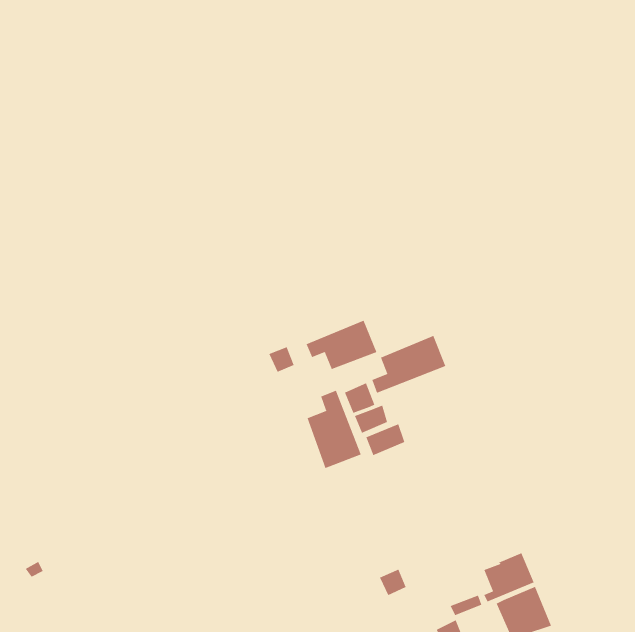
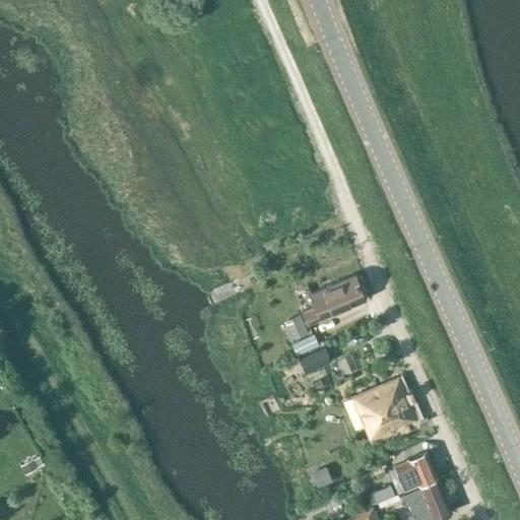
building: [306,320,377,370] -> none
building: [307,390,362,469] -> none
building: none -> [352,379,416,440]

